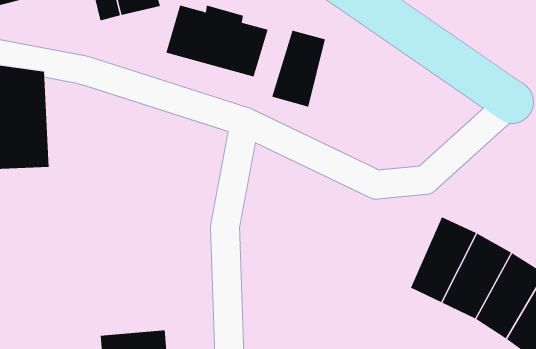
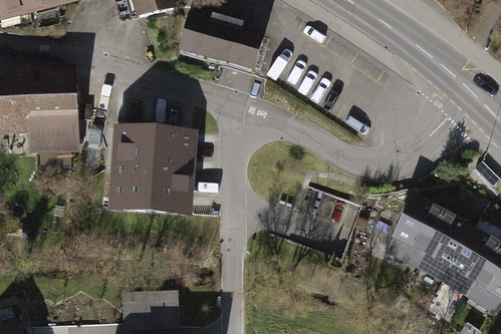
building: [271,30,326,107] -> none
building: none -> [103,118,203,218]

